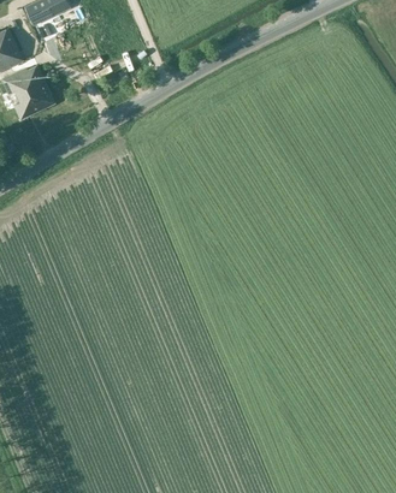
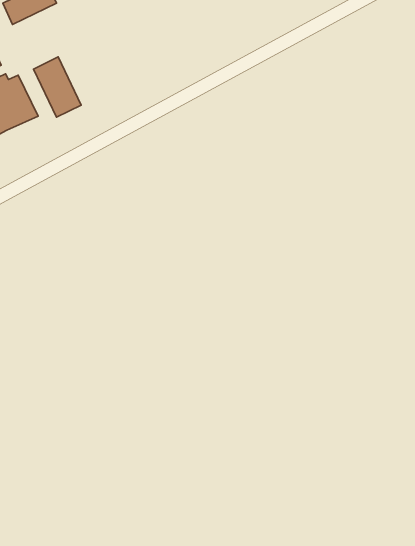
building: none -> [34,57,81,117]

